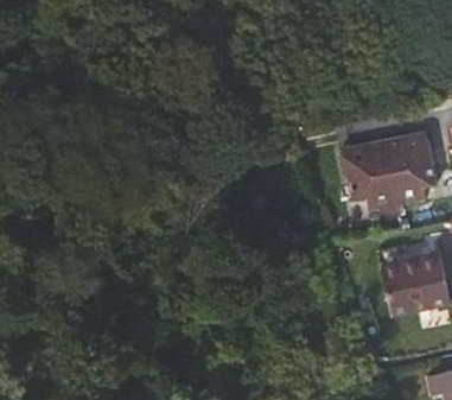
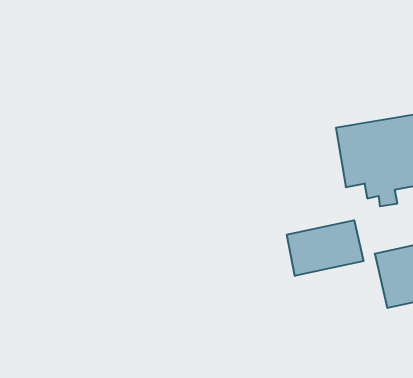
building: none -> [287,220,363,276]

